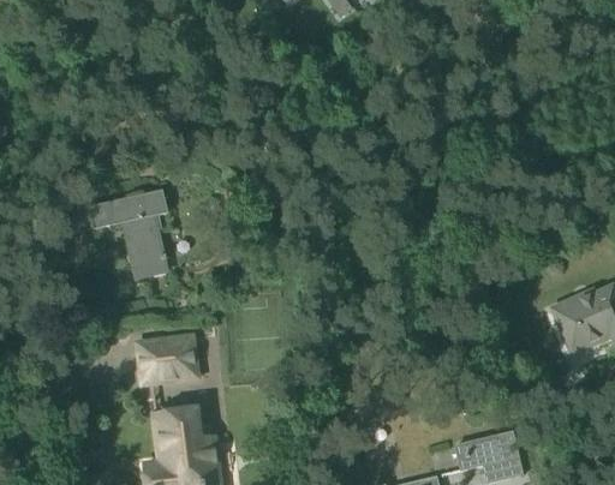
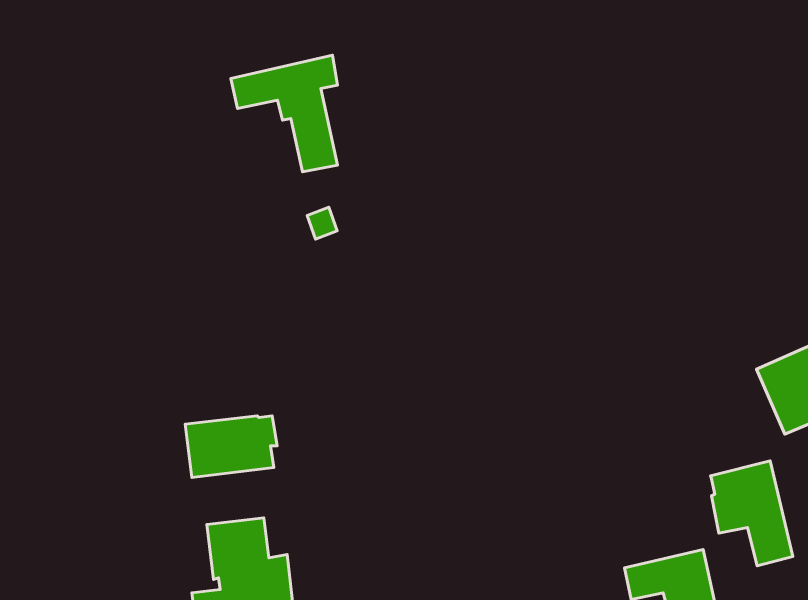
building: [91,190,168,274] -> [231,55,338,172]
building: none -> [710,461,793,566]

